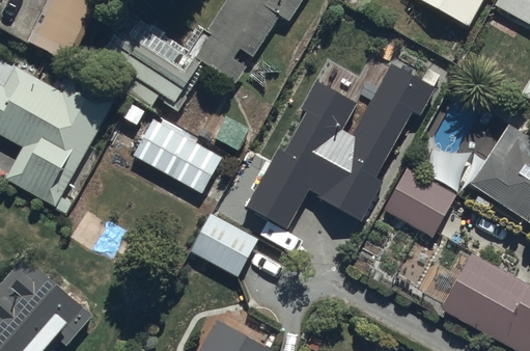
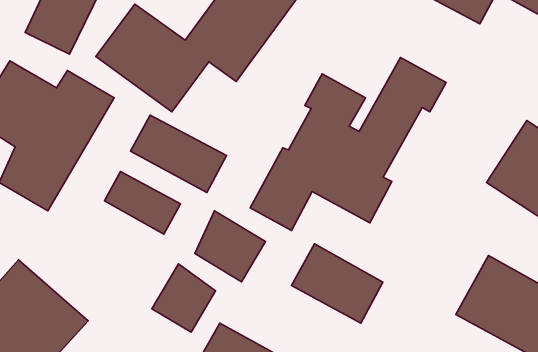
building: [386,167,457,236] -> none
building: none -> [104,171,180,234]
building: none -> [292,244,383,323]
building: none -> [152,264,215,332]

